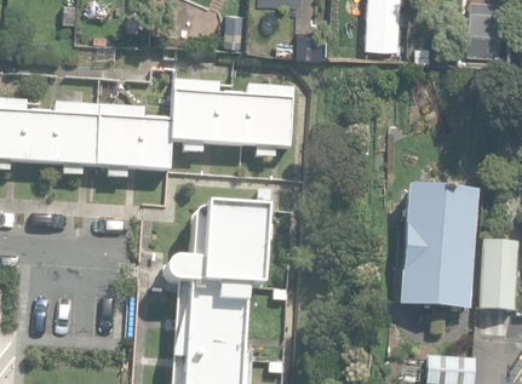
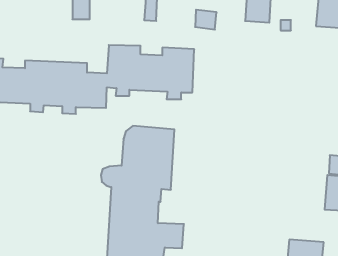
building: [398,188,478,310] -> none

